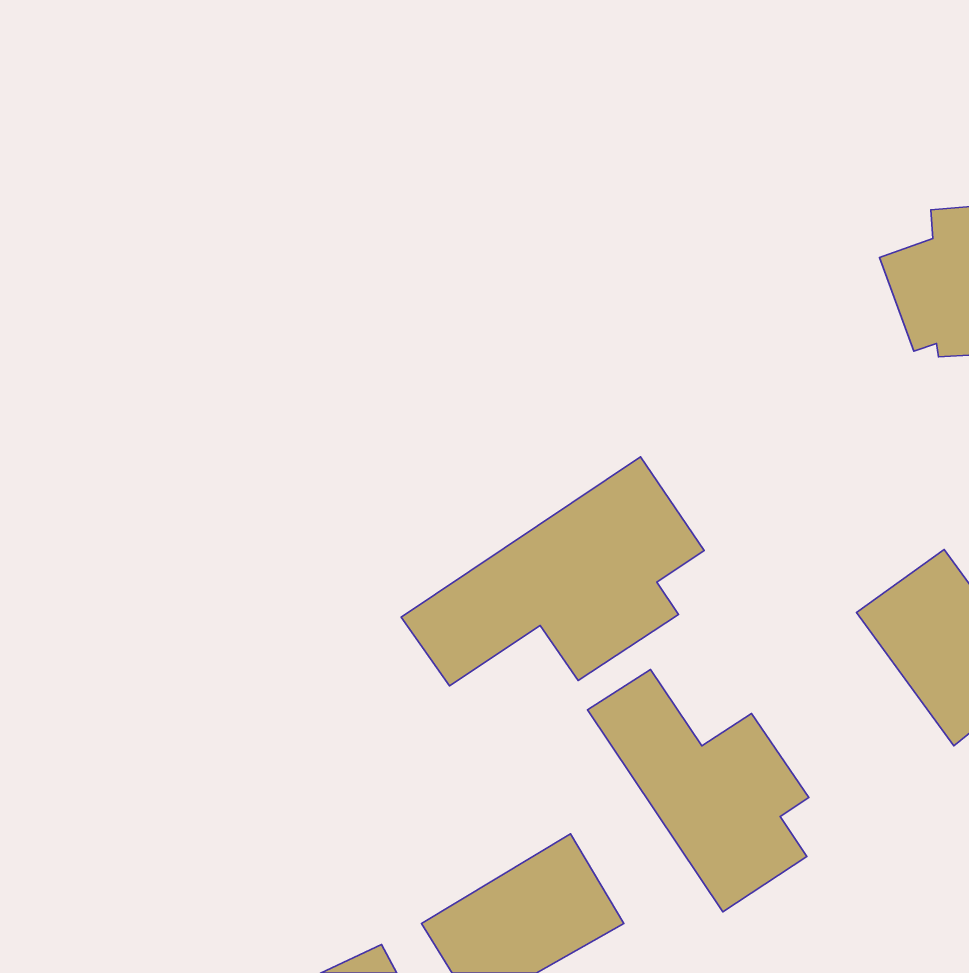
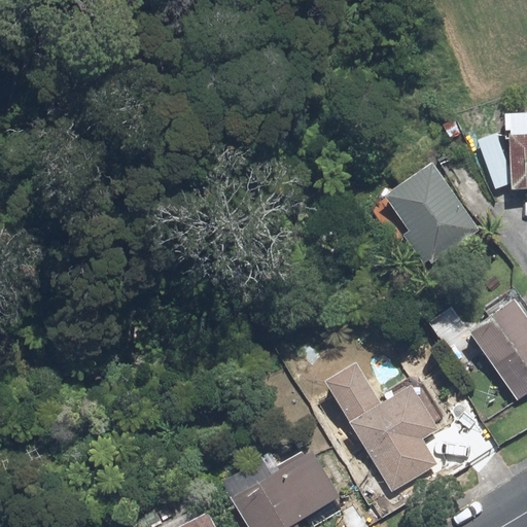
building: none -> [380,160,482,266]
building: [401,457,704,686] -> none

